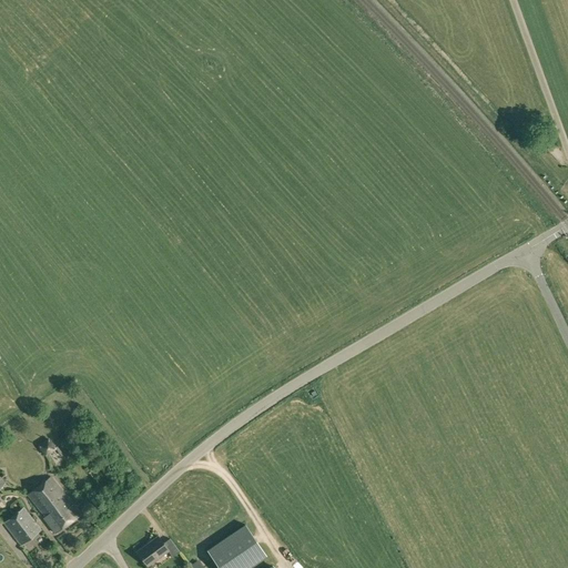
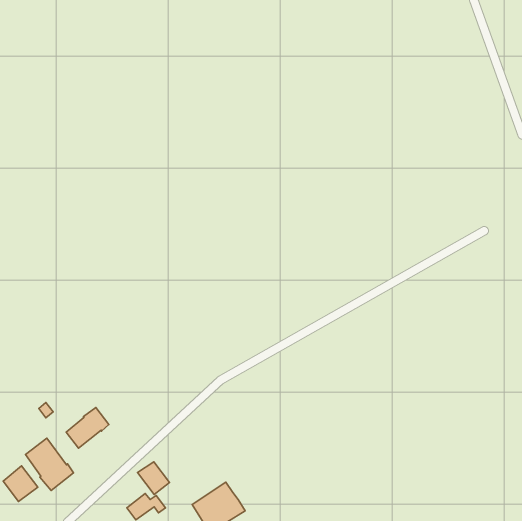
building: none -> [66,408,109,448]
building: none -> [137,462,170,495]

